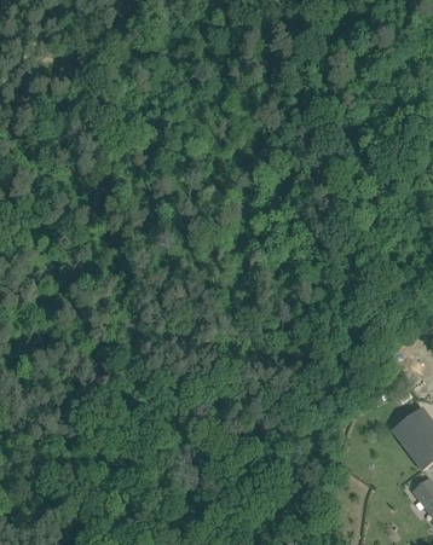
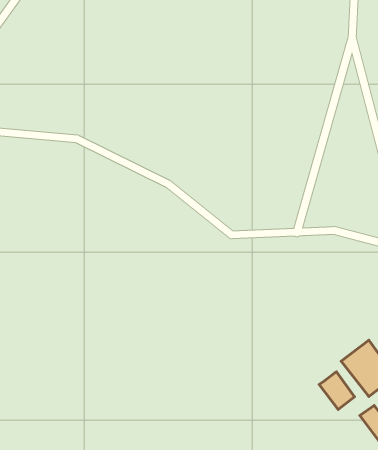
building: none -> [319,372,354,410]

